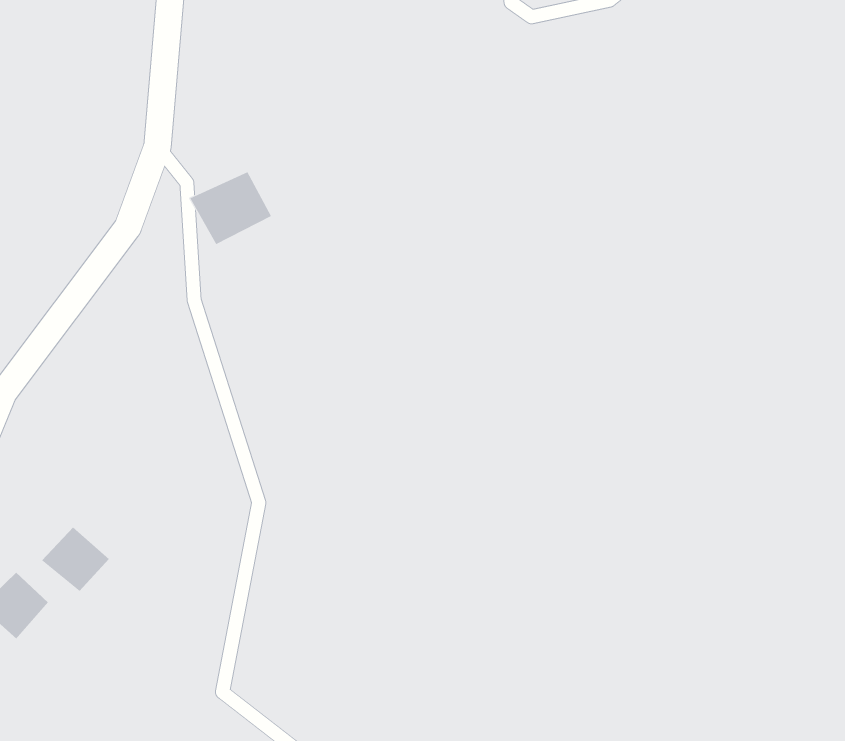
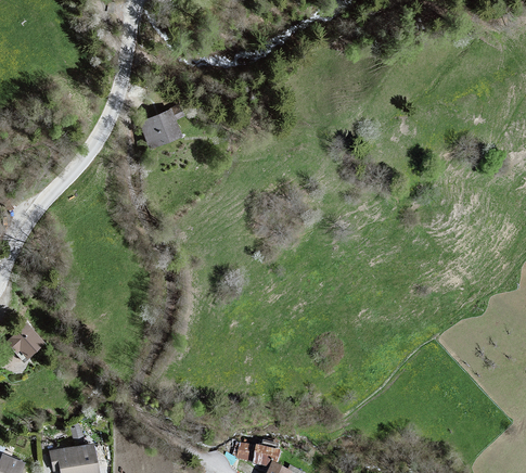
building: [41,527,110,592] -> none

